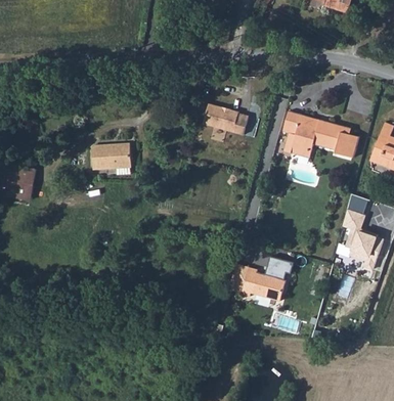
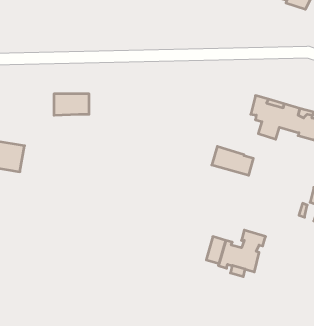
building: [200,101,246,133] -> [212,146,253,175]
building: [90,141,129,165] -> [54,94,89,115]

